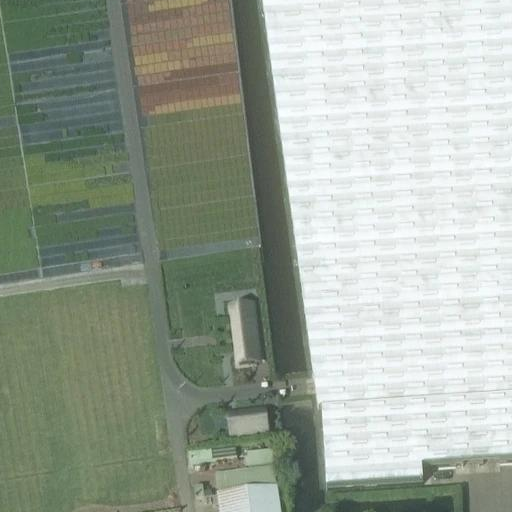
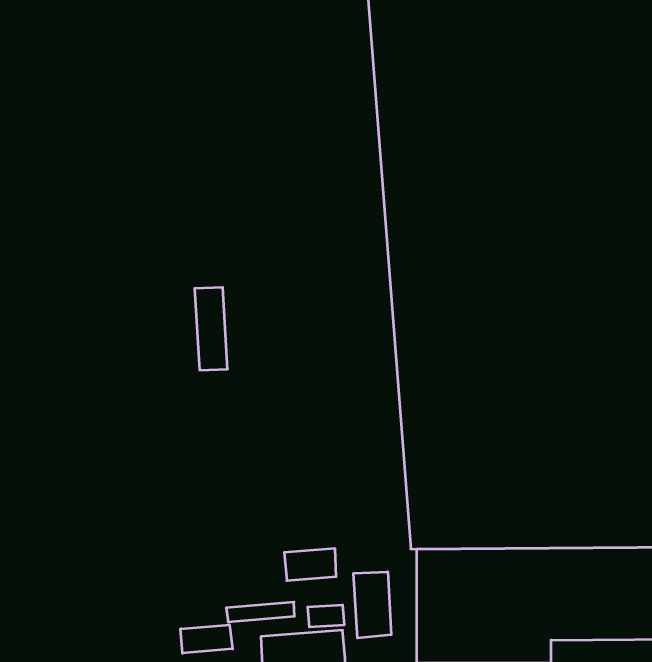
building: [231,302,258,362] -> [195,287,228,370]
building: none -> [354,572,391,638]
building: none -> [181,625,233,653]

